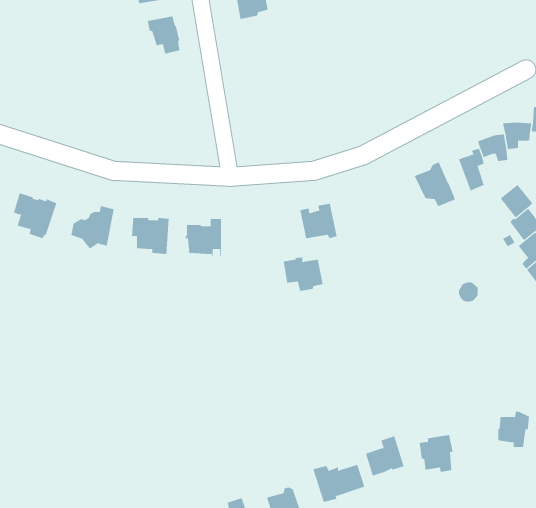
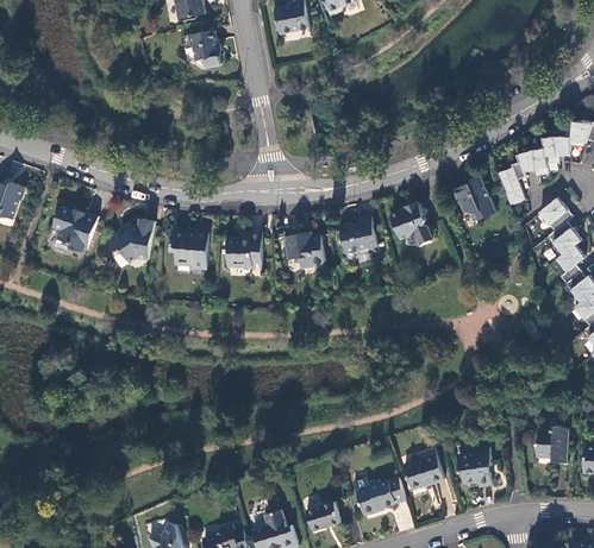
building: none -> [389,201,431,244]
building: [283,257,323,291] -> [283,233,324,267]

